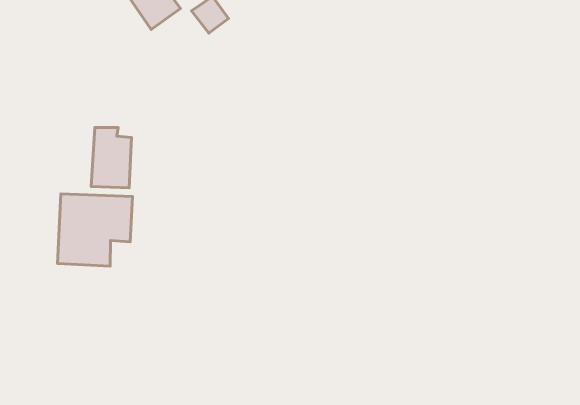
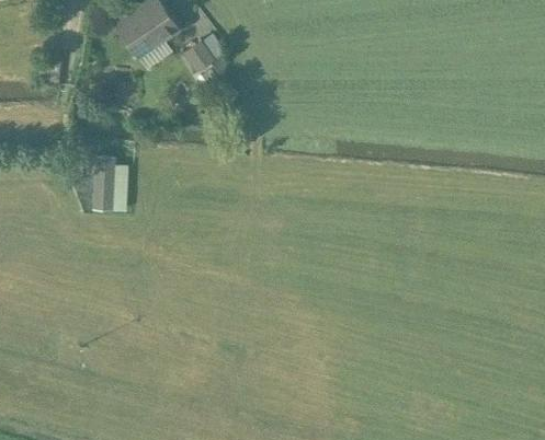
building: [57,194,133,266] -> none

